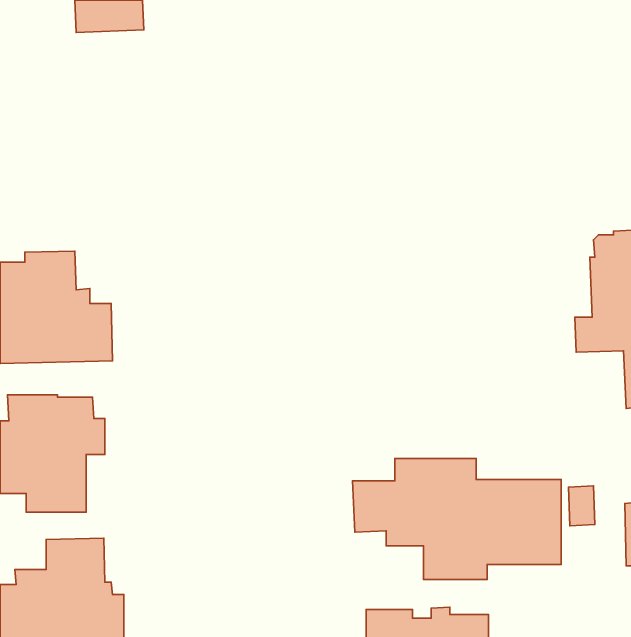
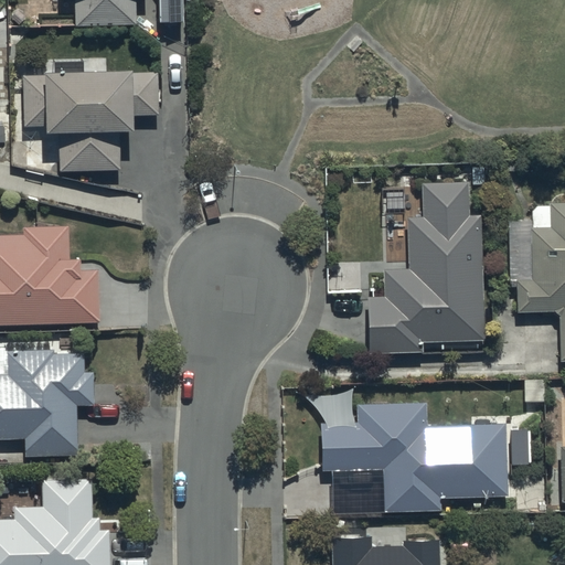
building: none -> [22,73,158,172]
building: none -> [364,183,481,354]

